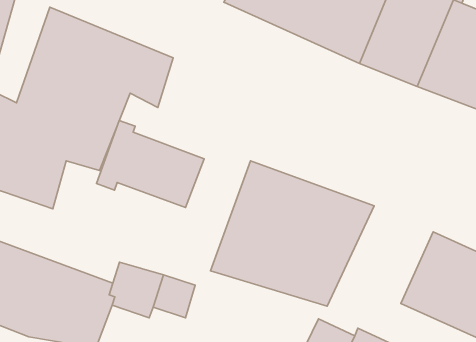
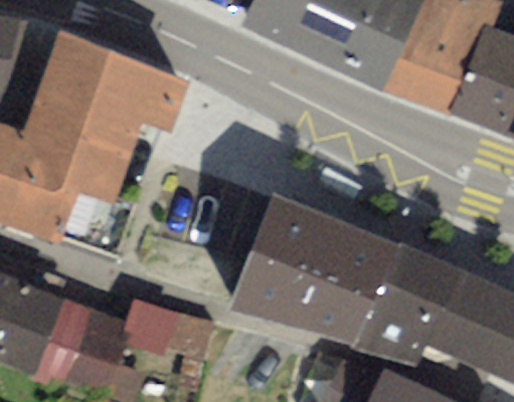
building: [96,121,204,208] -> none
building: none -> [351,240,463,367]

